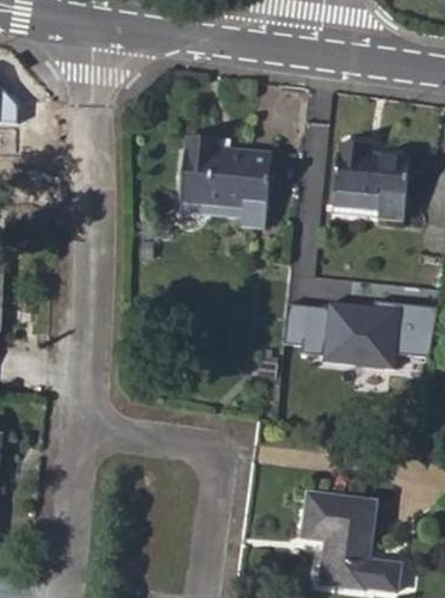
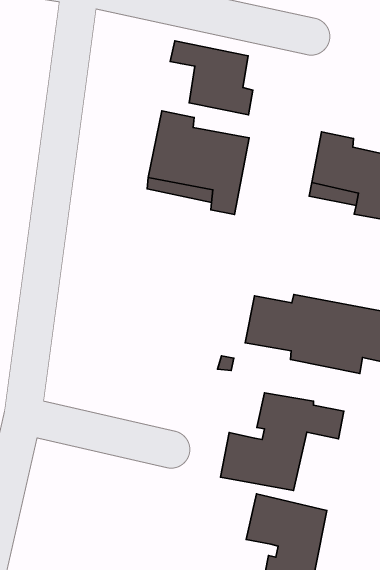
building: none -> [170,41,253,115]
building: none -> [221,393,344,491]

